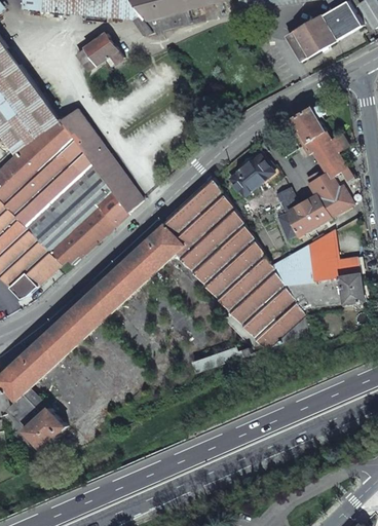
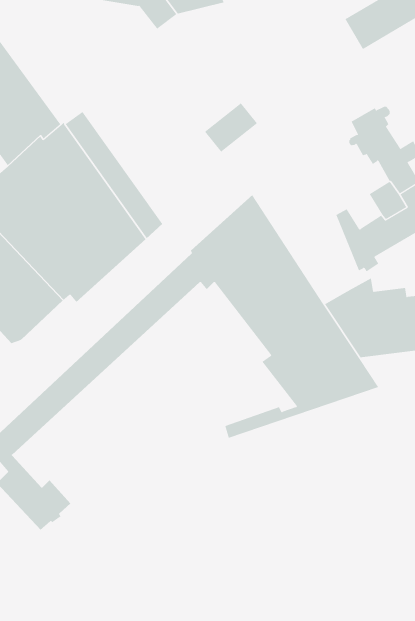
building: [78,33,122,70] -> none
building: [230,154,273,194] -> [204,103,258,152]
building: [308,230,336,255] -> none
building: [20,248,176,412] -> none

